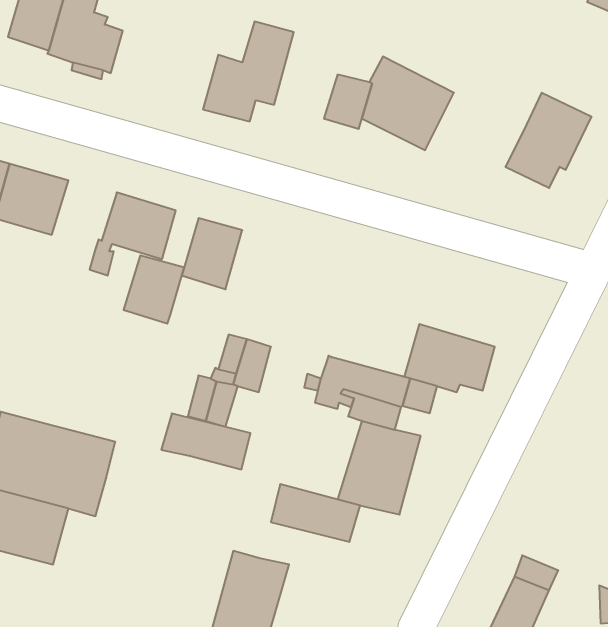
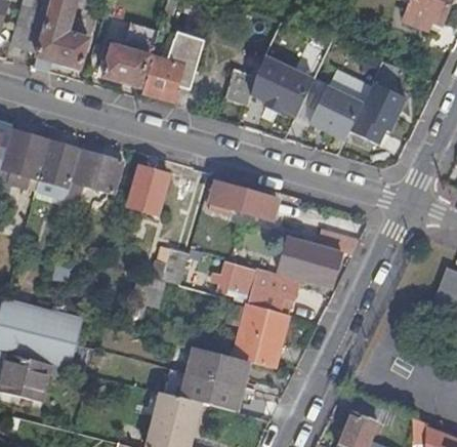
building: none -> [101,41,152,85]
building: none -> [307,86,362,141]
building: none -> [210,181,278,219]
building: [124,255,184,324] -> [40,140,81,187]
building: [161,413,250,469] -> [181,372,242,410]

